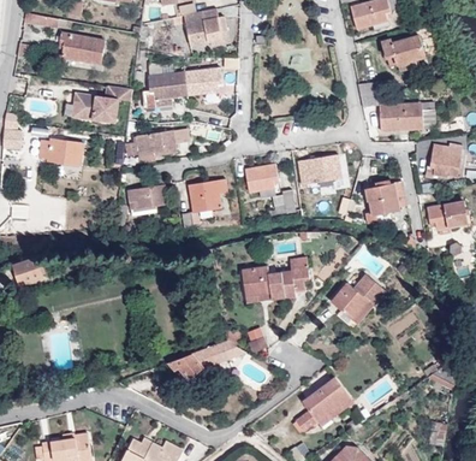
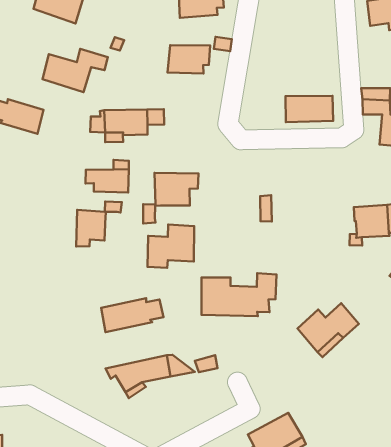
building: [142,63,186,108] -> none
building: [297,155,341,184] -> [286,96,333,122]
building: [245,164,278,193] -> none
building: none -> [76,202,122,246]
building: none -> [147,225,194,268]
building: none -> [101,298,164,332]

